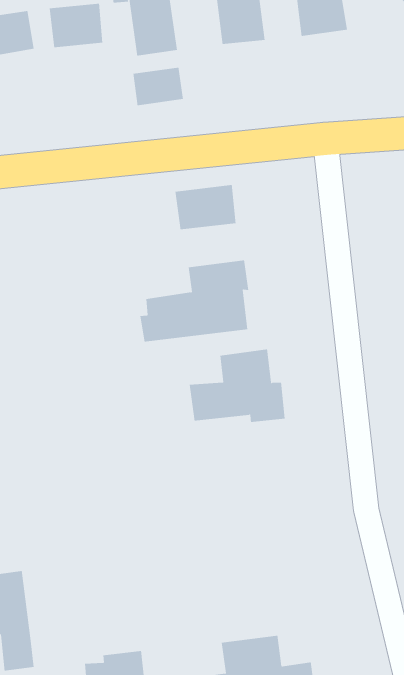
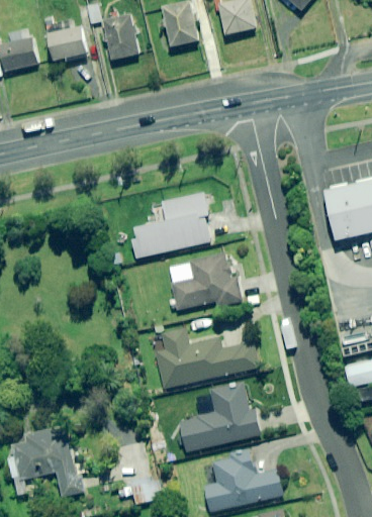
building: [133,67,183,106] -> none
building: [175,184,236,230] -> none
building: none -> [156,331,258,389]
building: none -> [179,385,259,451]

